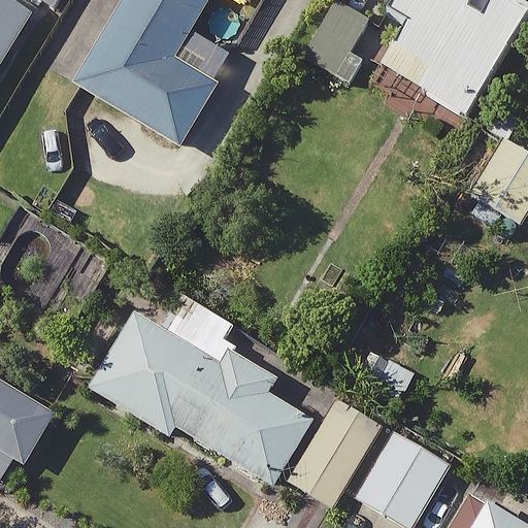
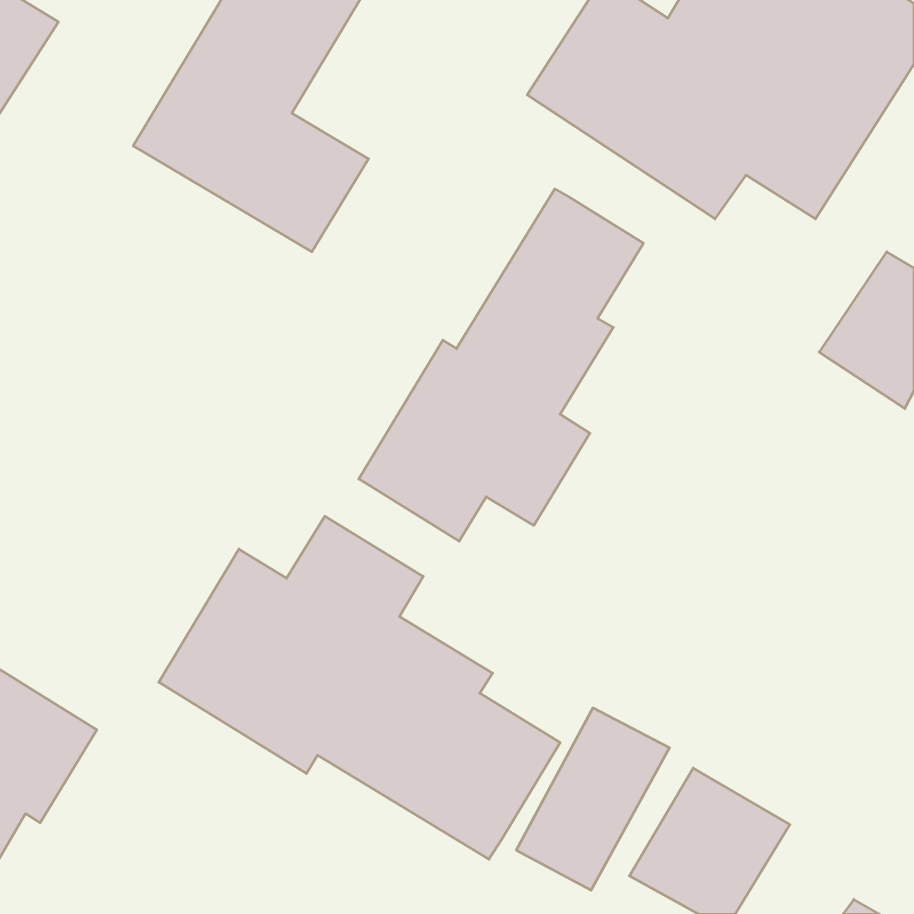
building: none -> [359,189,643,541]

